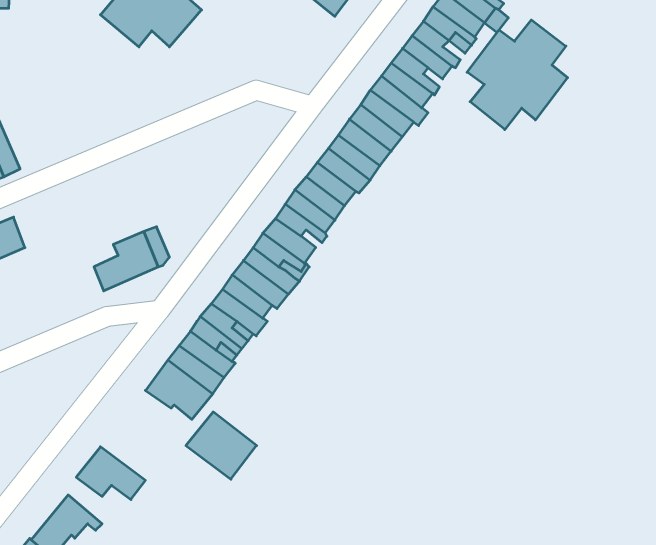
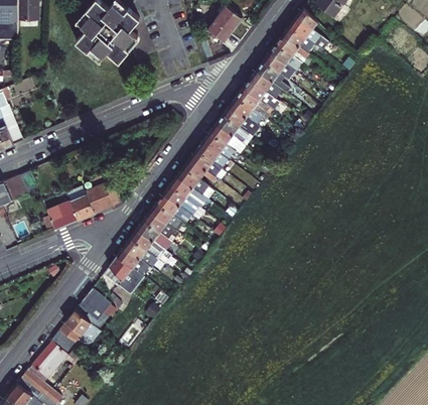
building: [467,20,568,130] -> none
building: none -> [46,201,76,227]
building: [186,412,257,479] -> [74,293,118,335]

